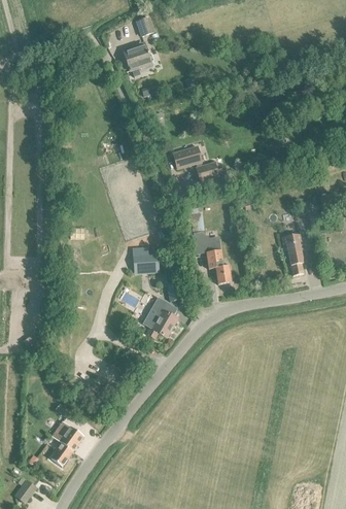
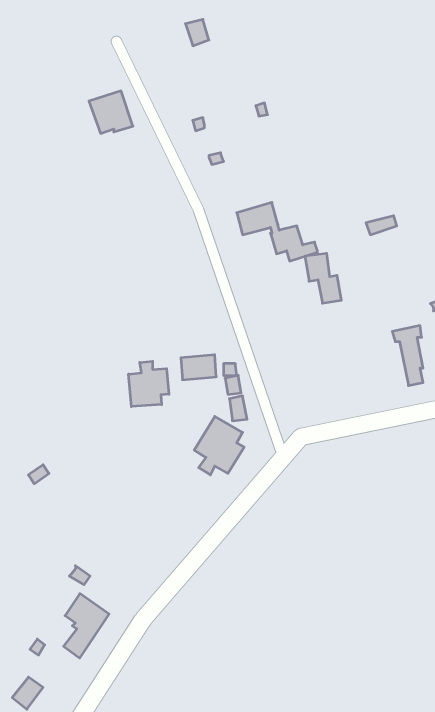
building: [122,41,152,71] -> [89,91,133,133]
building: [205,249,231,284] -> [305,253,341,303]
building: none -> [129,361,169,407]

